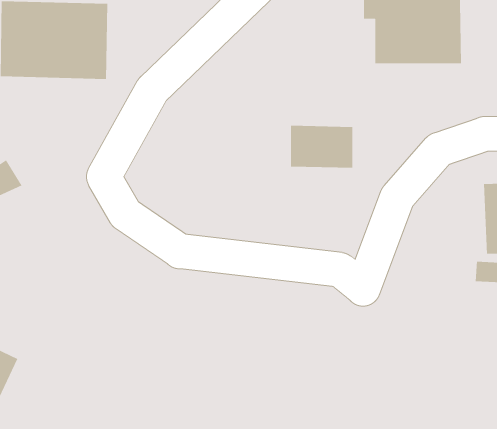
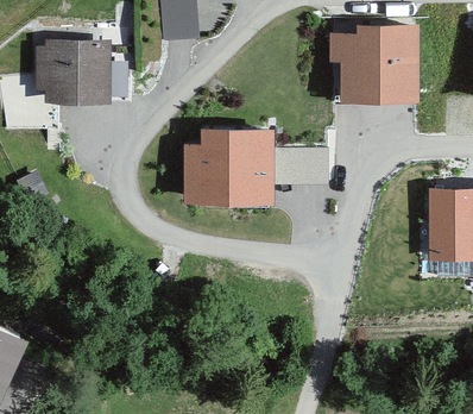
building: none -> [184,130,266,197]

